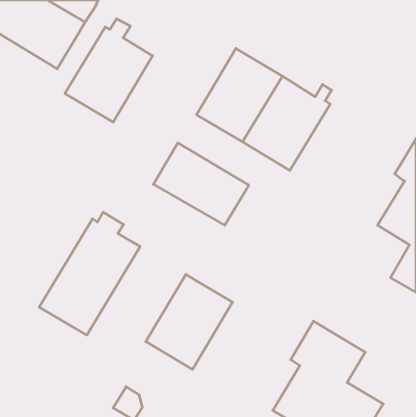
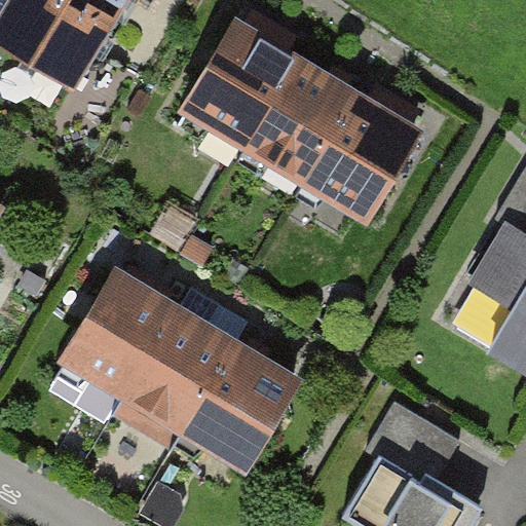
building: [65,19,153,122] -> [186,16,296,146]
building: [153,143,249,225] -> none
building: none -> [114,311,233,449]

